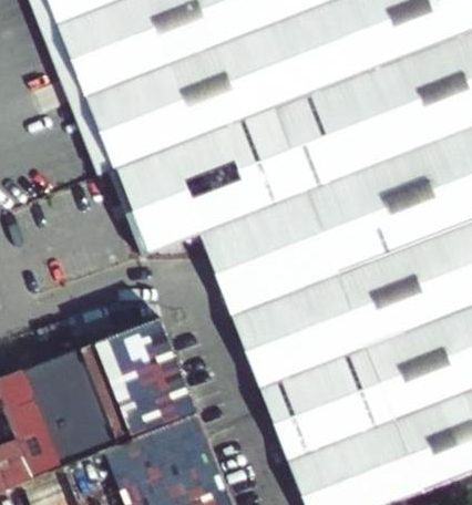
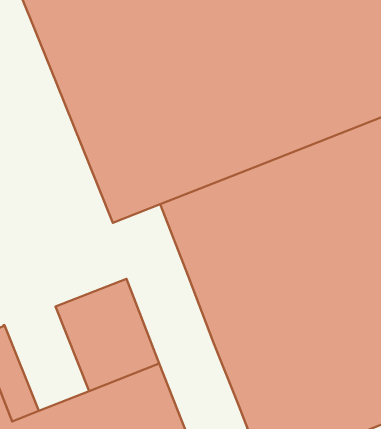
building: [25,347,121,466] -> none

